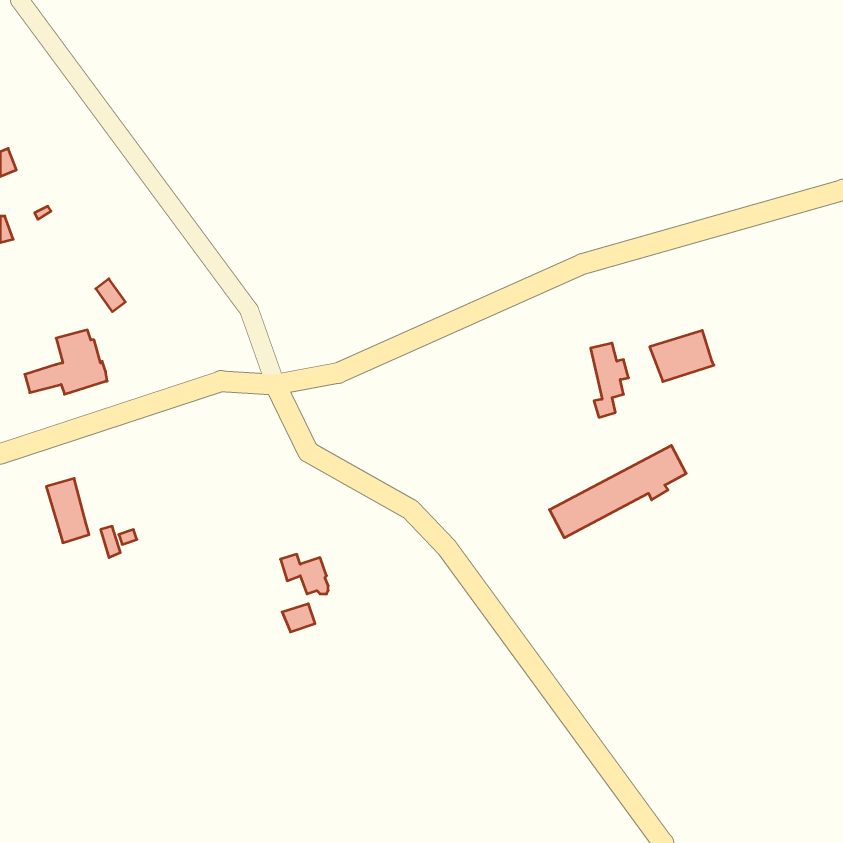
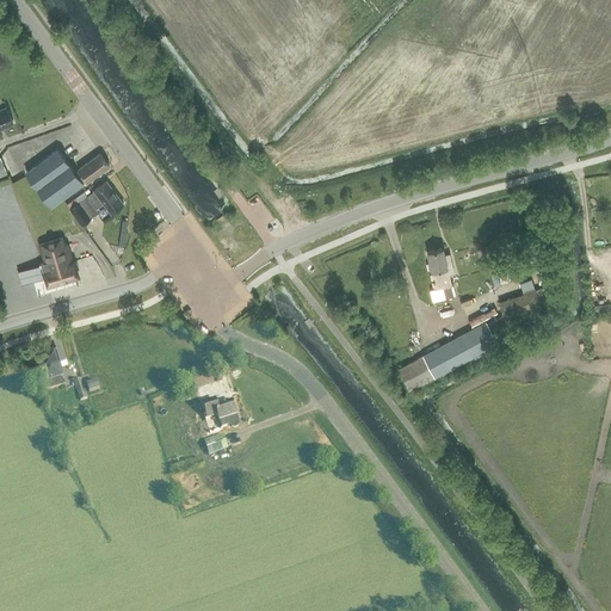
building: none -> [25,149,109,206]
building: none -> [87,180,124,212]
building: [650,330,714,382] -> [499,290,545,327]

